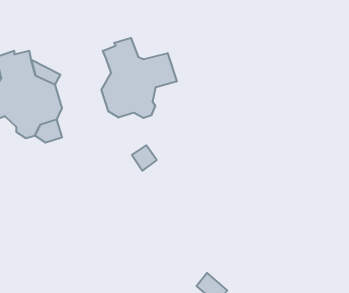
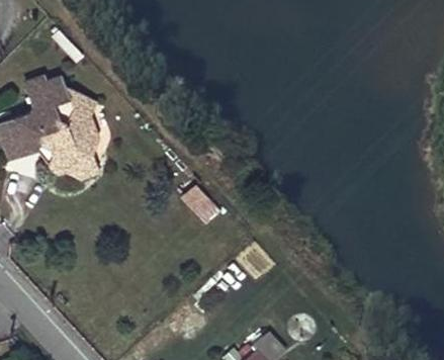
building: [101,38,177,118] -> none

